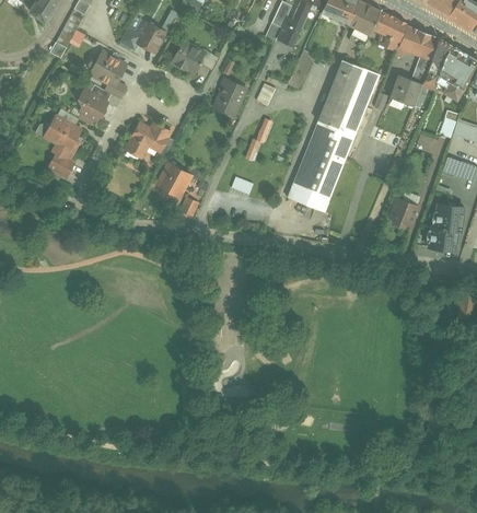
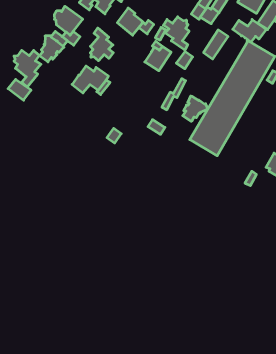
building: none -> [233,19,266,42]
building: none -> [163,17,189,50]
building: none -> [90,28,113,61]
building: none -> [183,96,208,121]
building: [155,162,191,197] -> none

